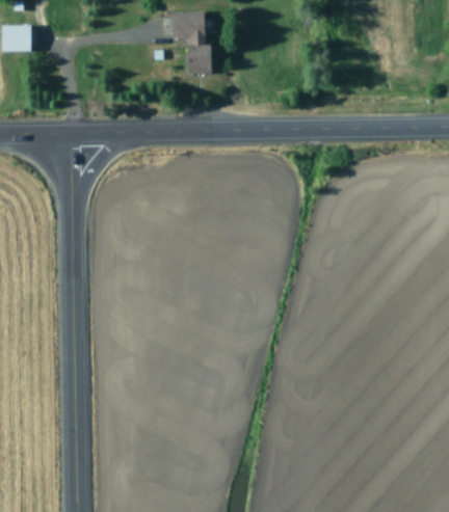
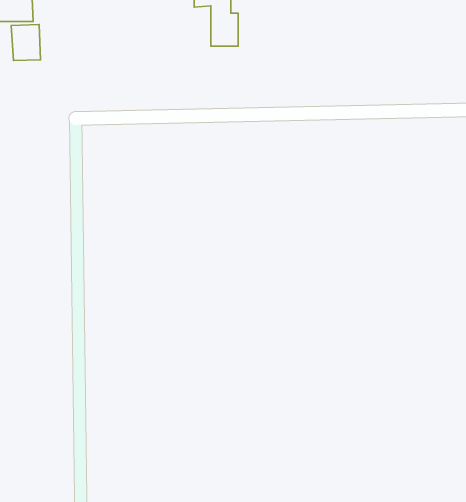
building: none -> [11,25,40,60]

